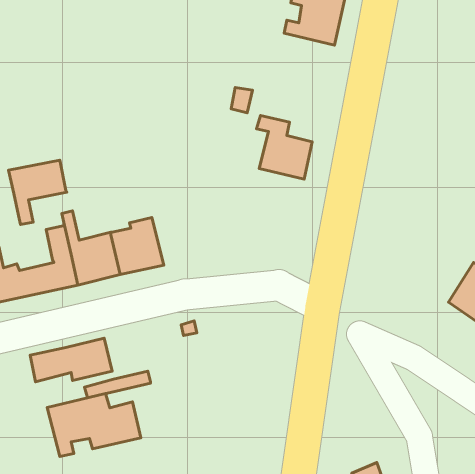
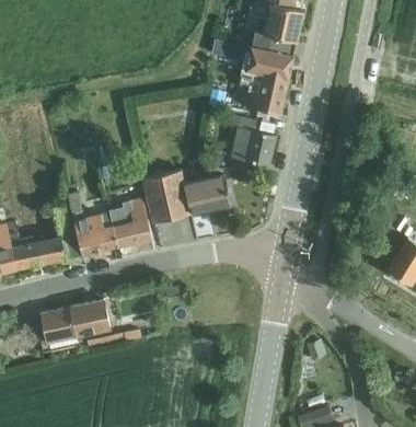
building: none -> [241,47,293,115]
building: [9,160,67,225] -> none
building: none -> [143,171,231,222]
building: [47,394,141,456] -> none

